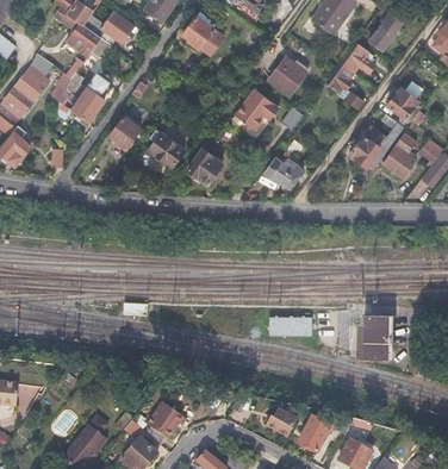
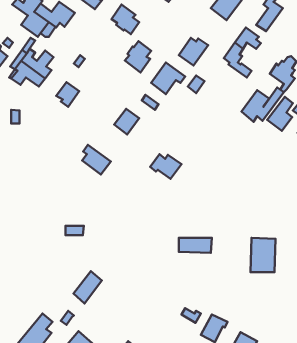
building: none -> [125,41,151,72]
building: [149,129,186,167] -> [82,145,111,174]
building: [263,157,304,189] -> [150,154,182,179]
building: [145,404,182,445] -> [73,271,102,304]

